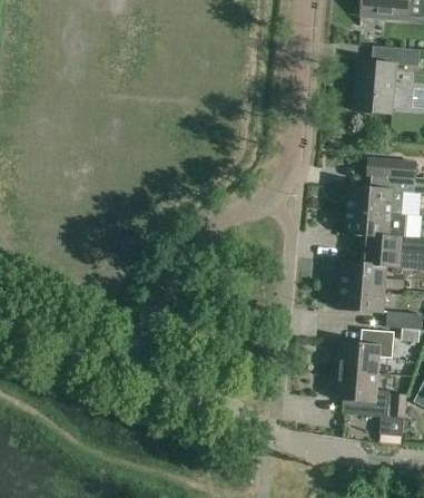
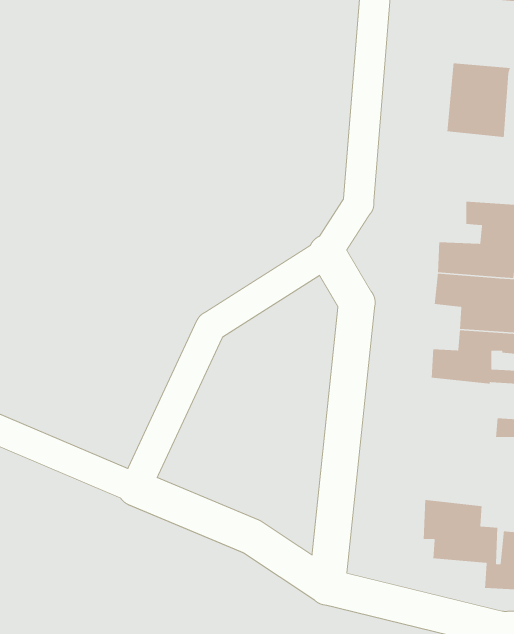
building: [341,285,385,312] -> none
building: [338,330,395,375] -> none

